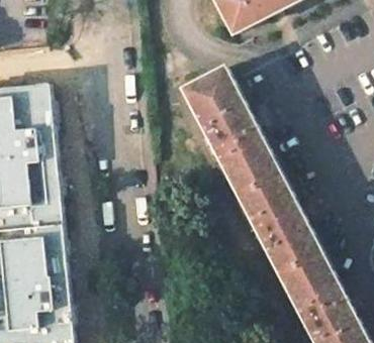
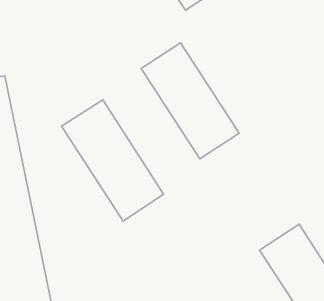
building: none -> [61,100,164,221]
building: [232,163,326,283] -> none

